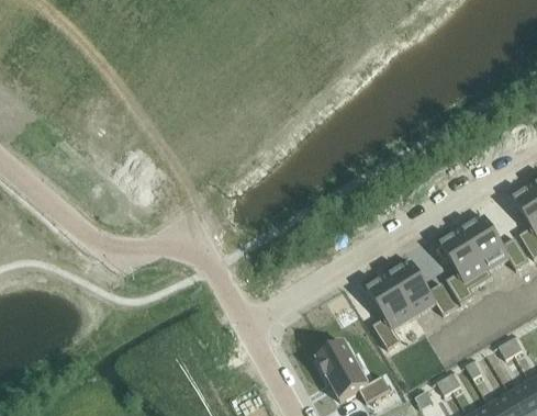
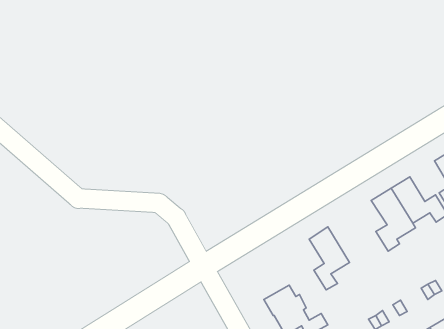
building: [390,261,456,316] -> none

